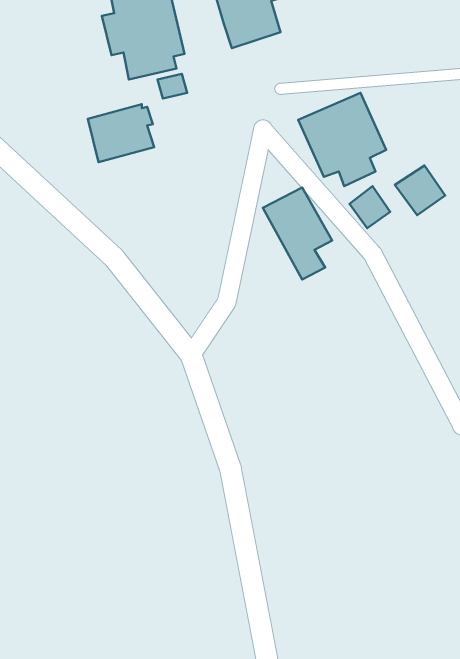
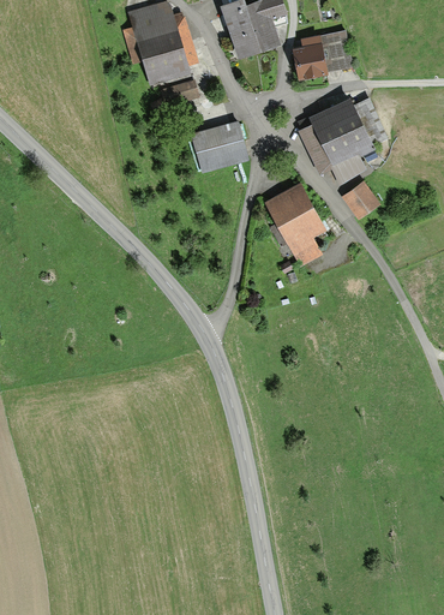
building: none -> [293,31,352,79]
building: [88,104,154,162] -> [191,121,250,173]
building: [395,166,445,215] -> none

